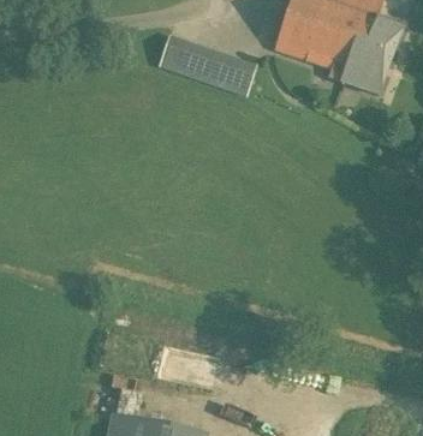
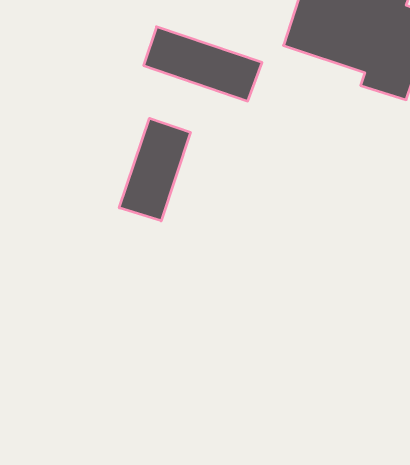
building: none -> [119,118,190,221]

